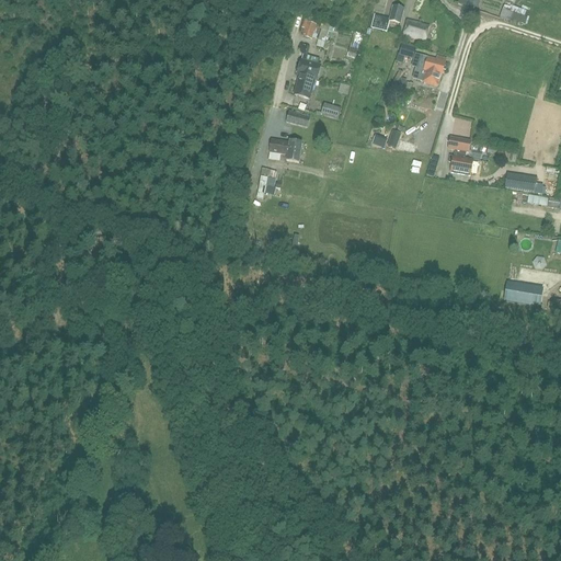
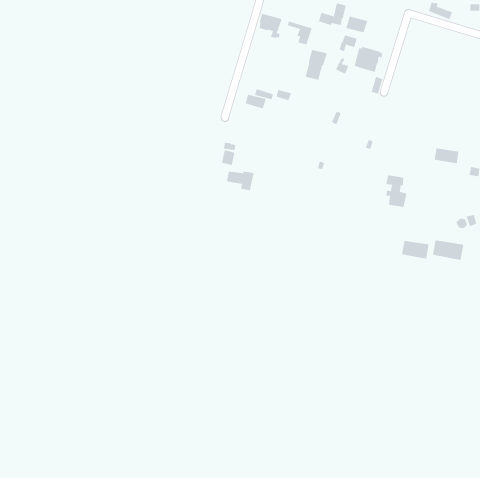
building: [293,59,319,95] -> [305,50,327,81]
building: [447,136,472,174] -> [385,175,407,208]
building: [268,138,301,161] -> [226,171,254,191]
building: none -> [402,240,429,260]

